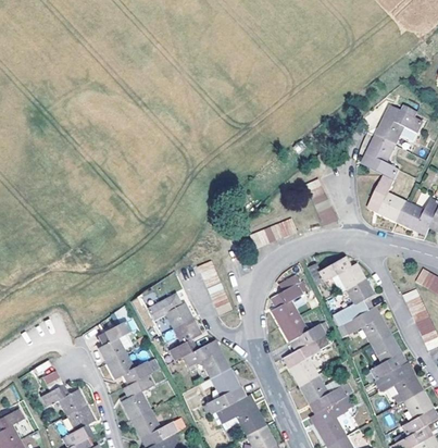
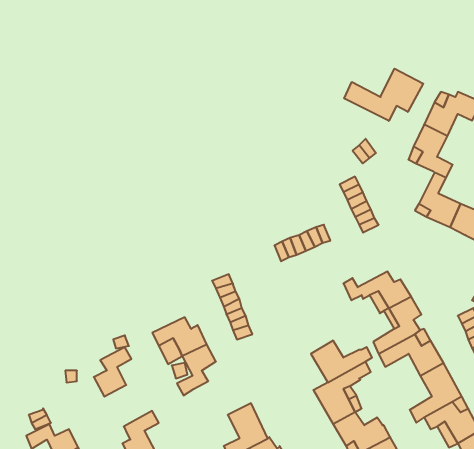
building: none -> [344,69,423,121]
building: [272,275,309,326] -> none
building: [183,339,230,377] -> none
building: [108,352,160,383] -> none

